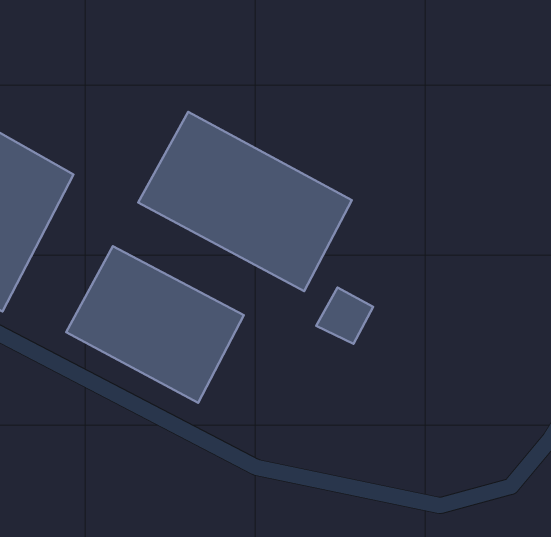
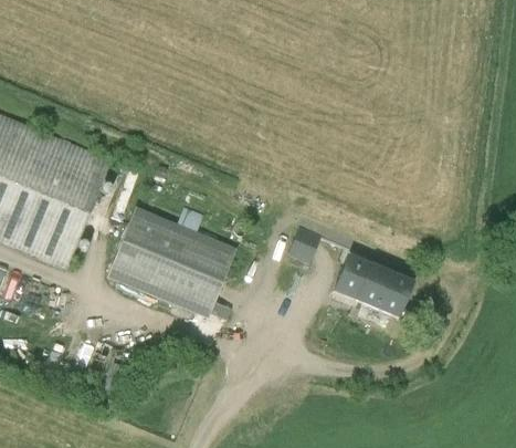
building: [138,112,352,291] -> none
building: none -> [336,253,414,314]

